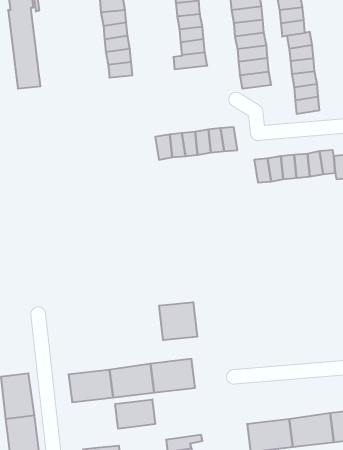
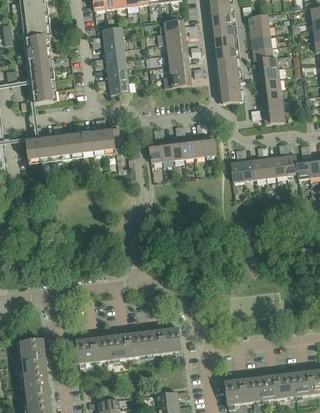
building: none -> [26,125,134,173]
building: [159,302,197,340] -> none
building: [115,399,155,429] -> none

